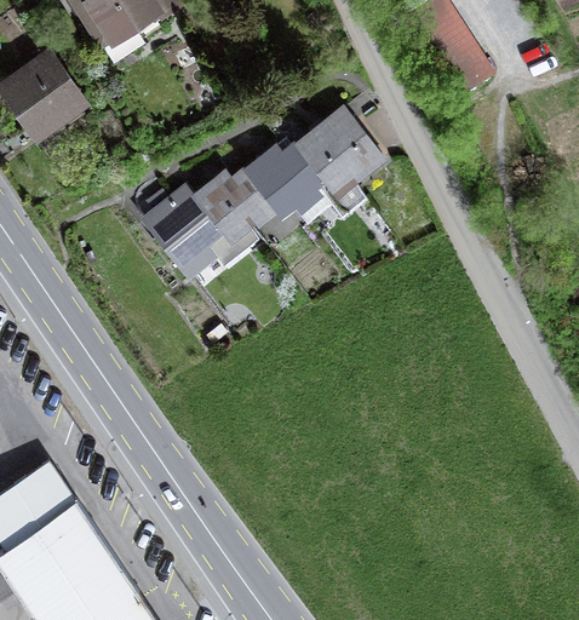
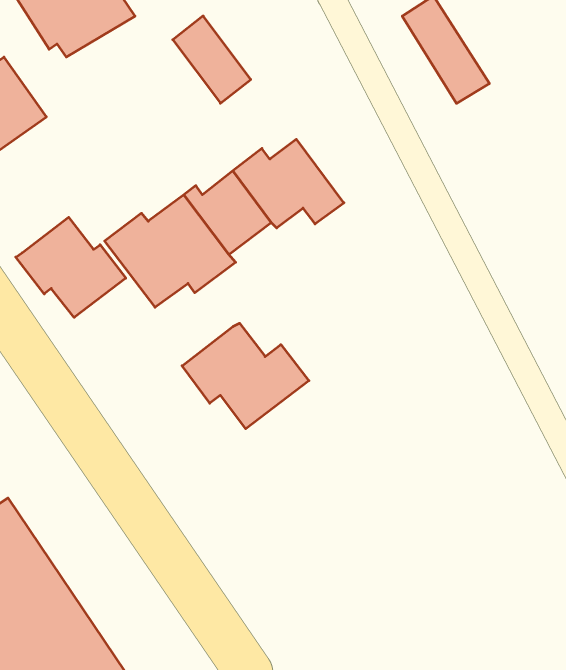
building: [316,107,388,186] -> [173,16,251,103]
building: none -> [16,217,126,317]
building: none -> [182,323,309,429]

